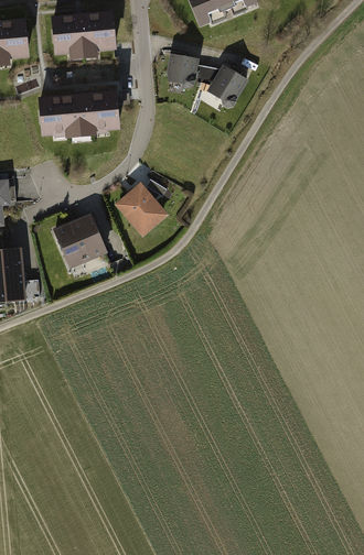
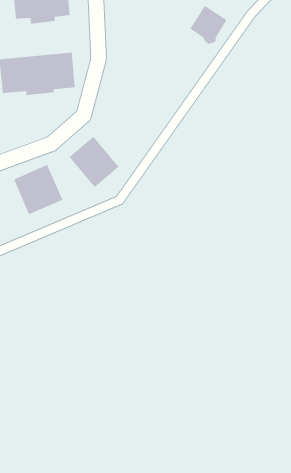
building: [162,52,196,87] -> none
building: [203,63,245,107] -> [190,5,228,45]

